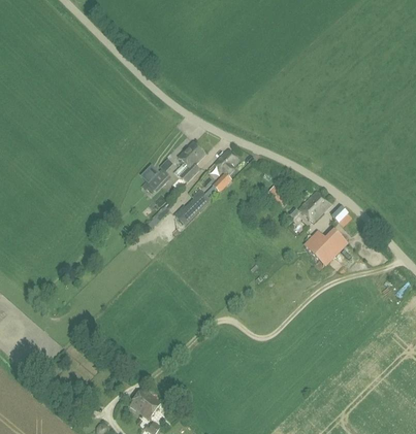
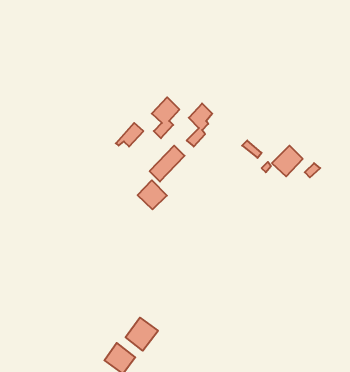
building: none -> [138,180,167,209]
building: [305,229,347,264] -> none
building: none -> [126,318,158,351]

